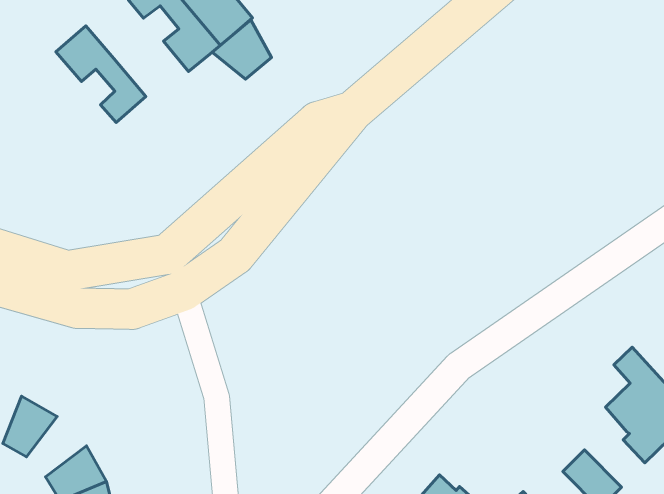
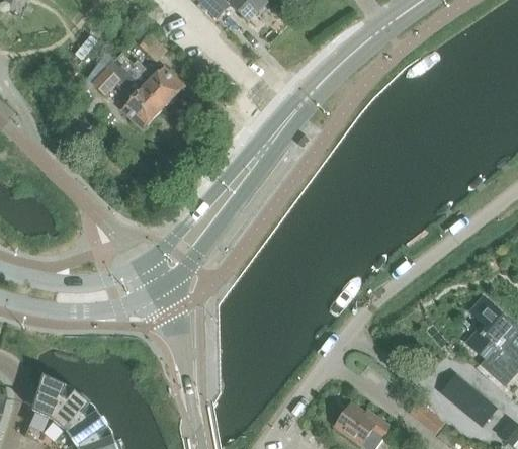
building: [212,20,271,79] -> none
building: [56,26,146,123] -> none
building: none -> [52,388,94,433]

